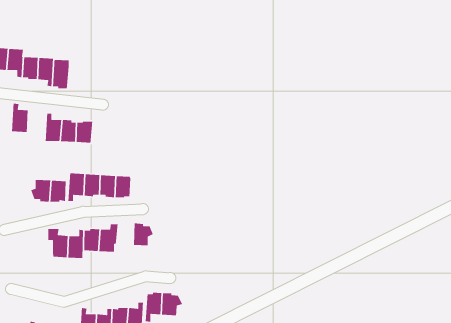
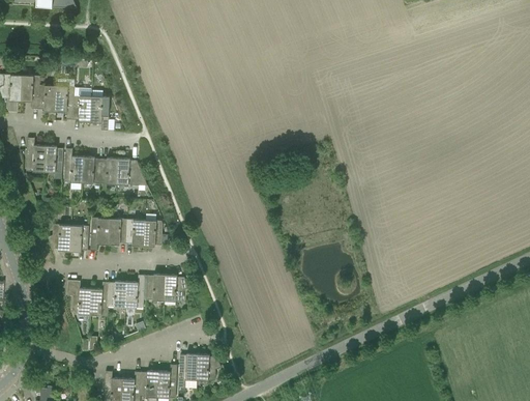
building: none -> [89,96,109,131]
building: none -> [43,146,62,173]
building: none -> [116,159,146,187]
building: none -> [145,275,165,300]

